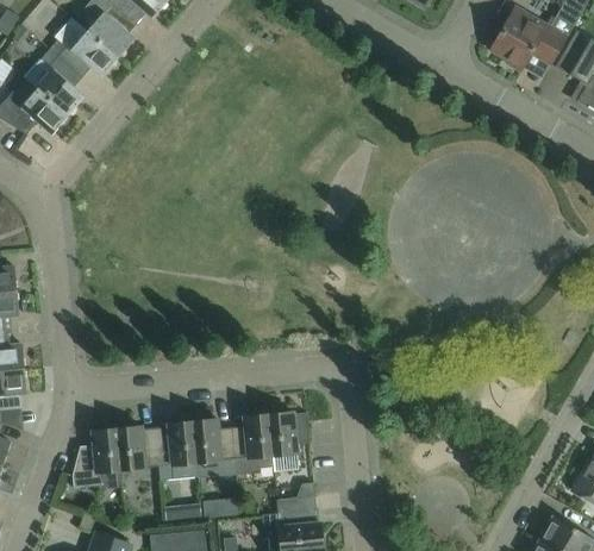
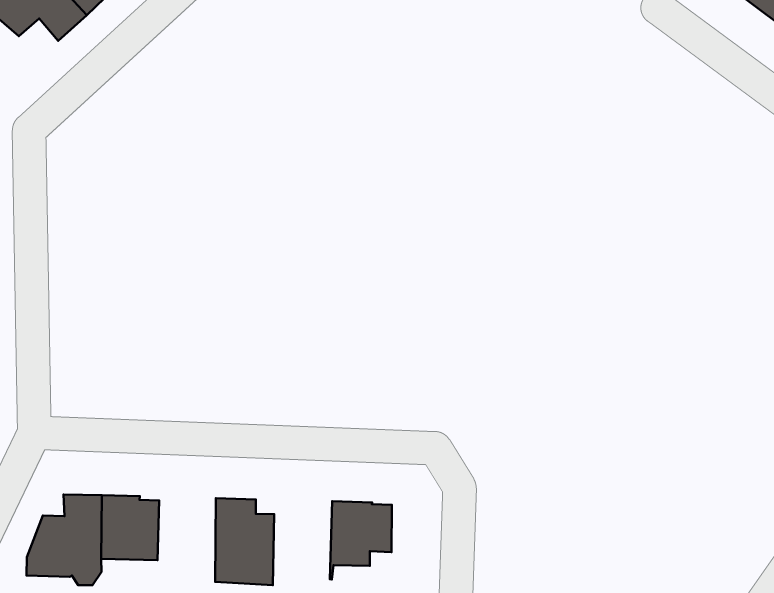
building: [230,414,271,474] -> none
building: [154,421,196,480] -> none

